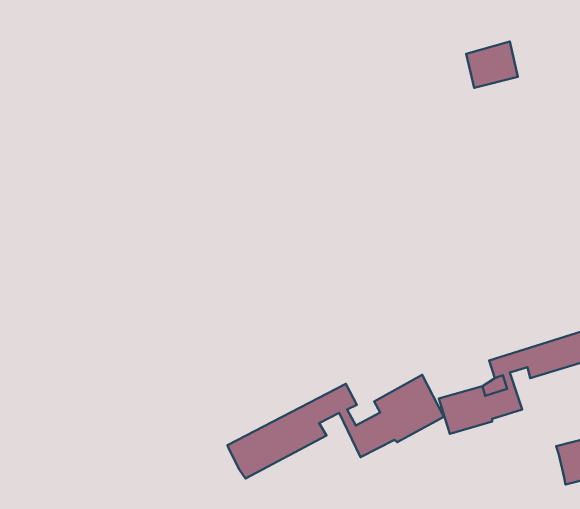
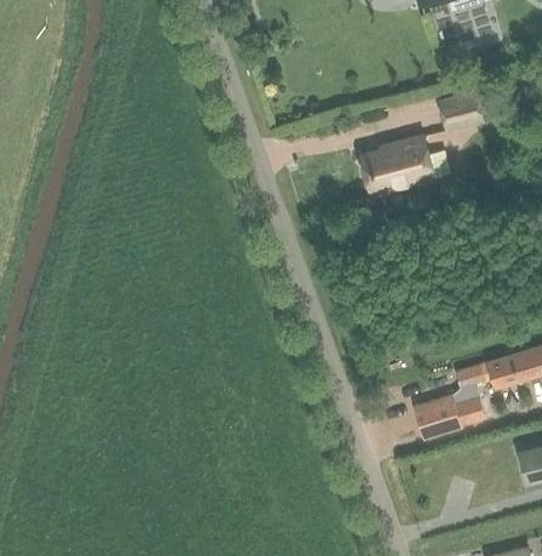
building: none -> [359,133,433,193]
building: [228,375,444,478] -> none

